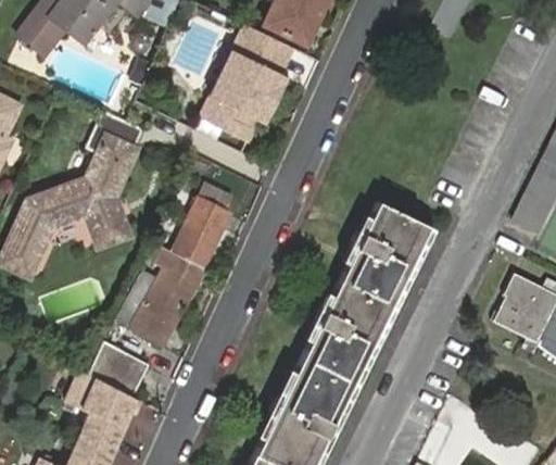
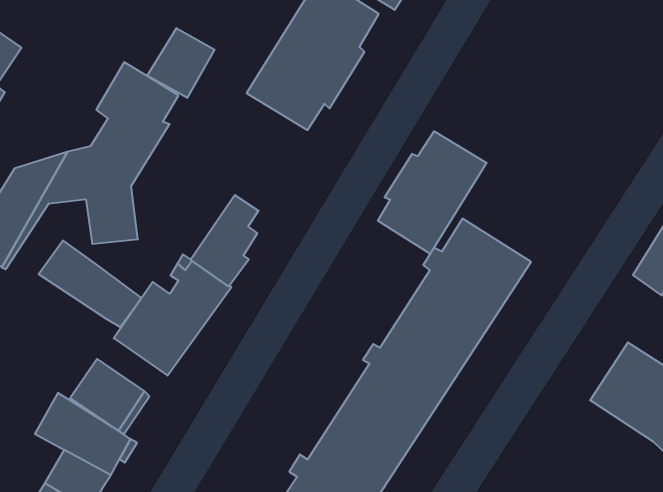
building: none -> [147,28,215,98]
building: none -> [378,131,487,254]
building: none -> [39,240,141,327]

